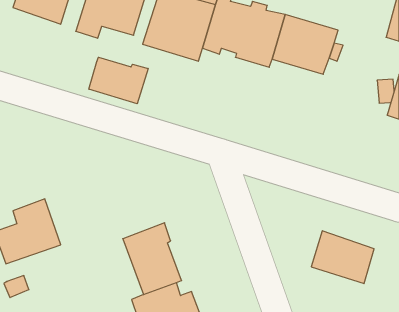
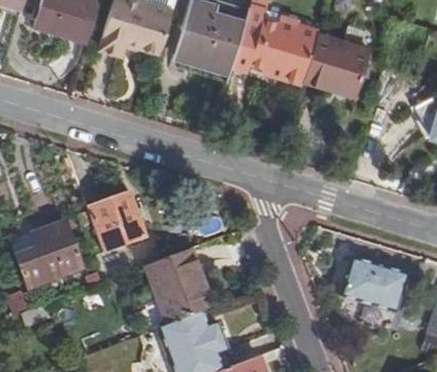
building: [89,57,148,104] -> none
building: none -> [89,192,148,252]

